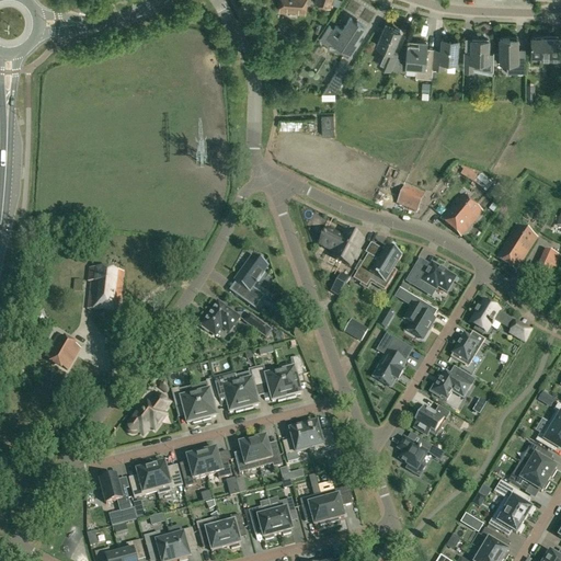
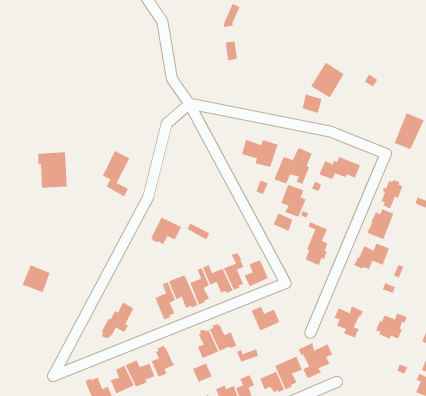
building: [440,192,482,234] -> [310,62,345,98]
building: [233,252,268,308] -> [102,150,130,197]
building: [88,266,123,310] -> [37,152,68,188]
building: [404,297,435,337] -> [280,184,306,218]
building: [171,386,202,422] -> none
building: [411,404,450,435] -> [375,313,408,340]
building: [282,424,310,454] -> [244,260,269,287]
building: [199,445,232,476] -> none
building: none -> [298,342,333,379]

